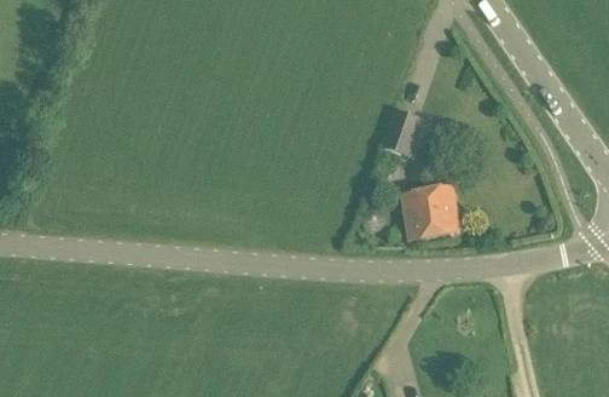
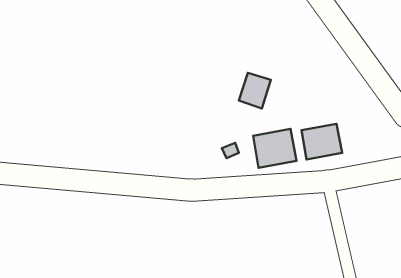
building: none -> [301,124,342,160]

